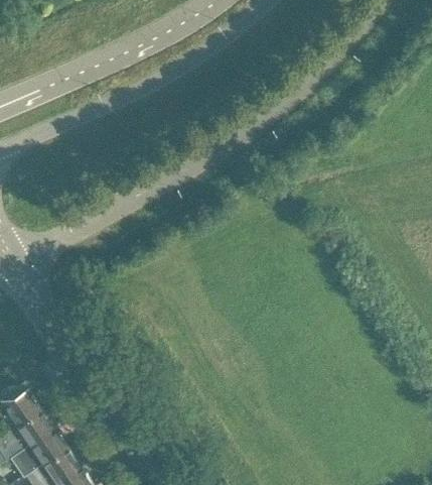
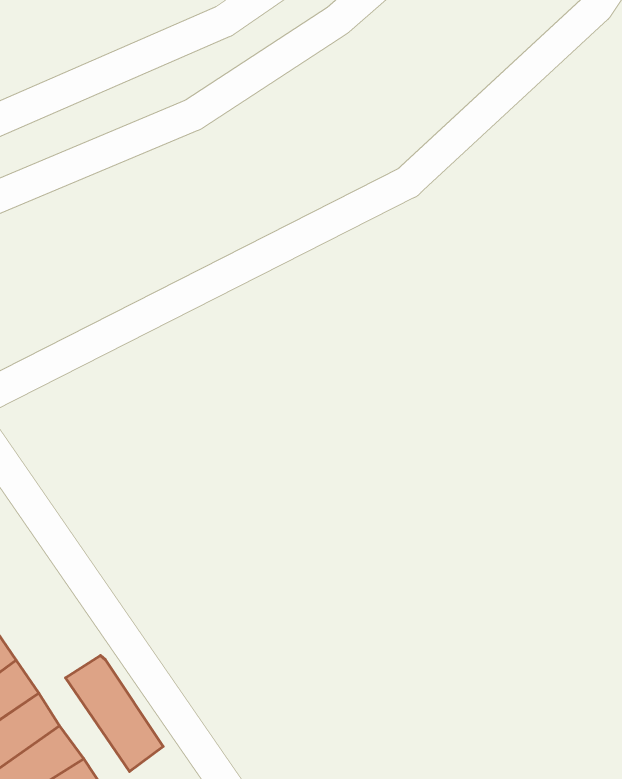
building: none -> [66,656,163,771]

